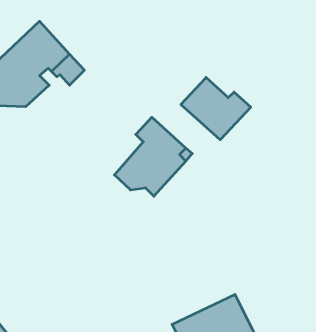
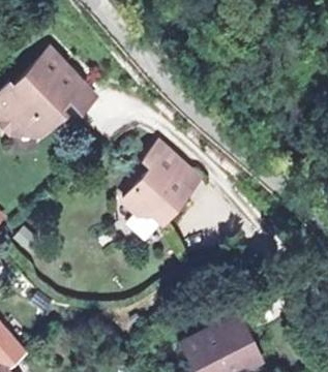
building: [181,77,251,140] -> none

